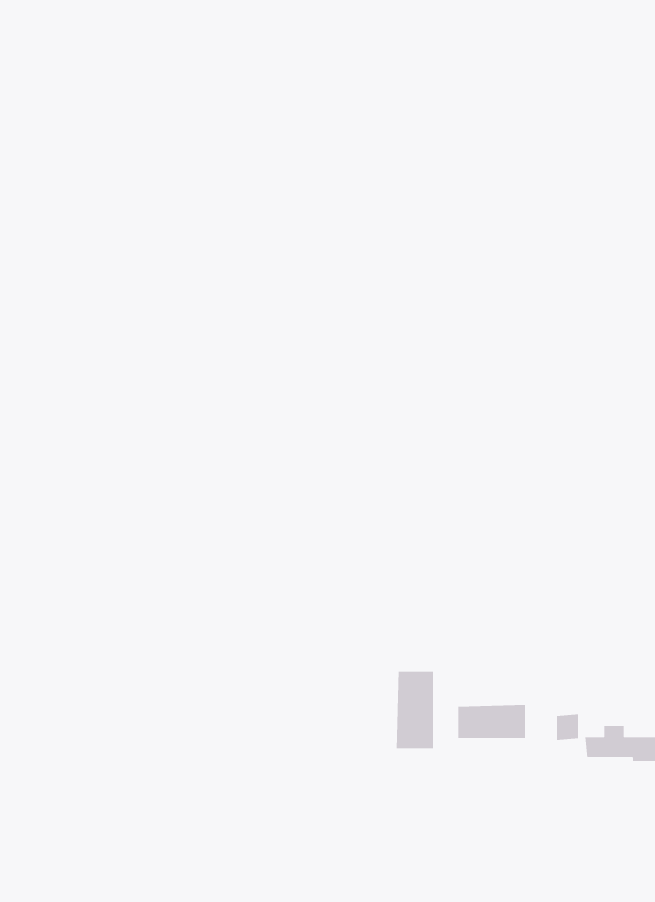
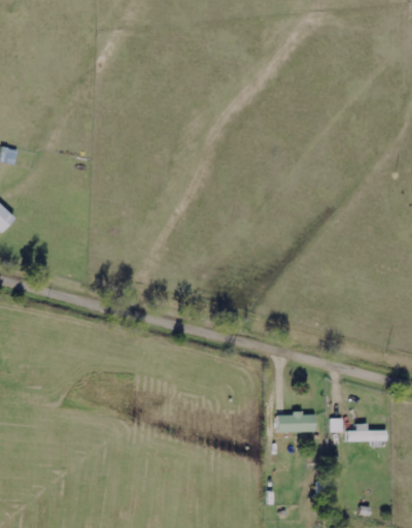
building: [396,671,434,749] -> none

